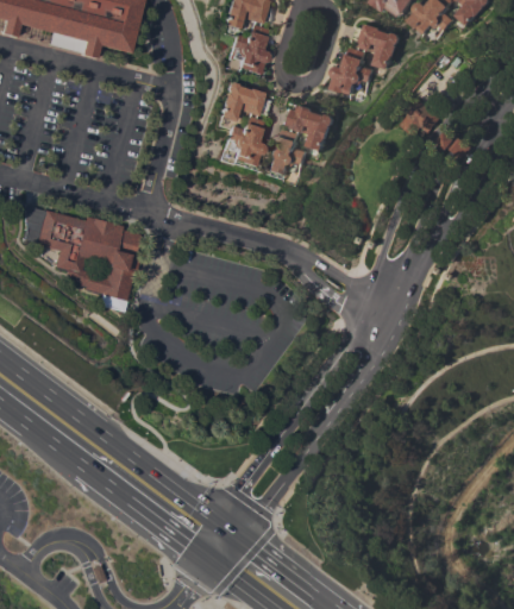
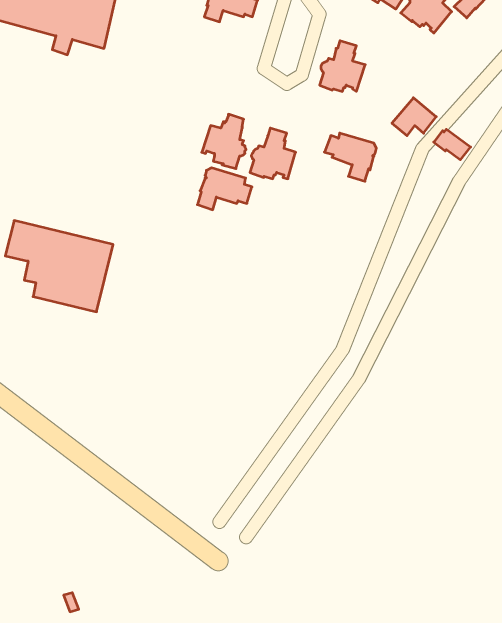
building: [352,21,401,68] -> none
building: [226,24,267,74] -> none
building: [217,81,268,120] -> [197,168,252,210]
building: [286,103,334,149] -> [324,133,376,181]

